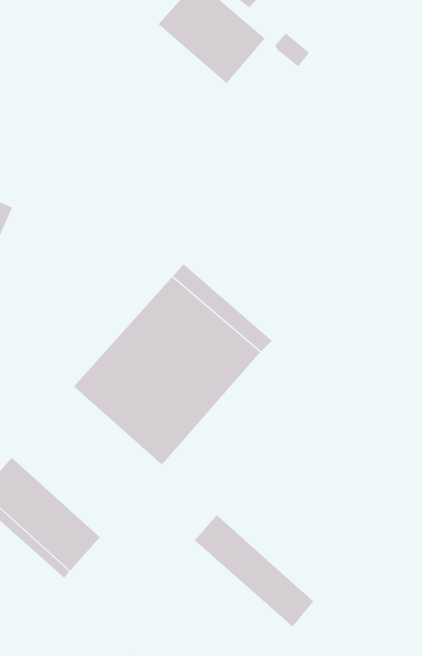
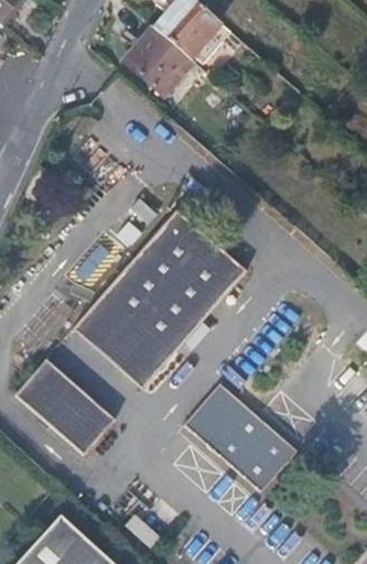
building: none -> [125,26,197,97]
building: none -> [73,305,159,386]
building: none -> [201,381,295,470]

